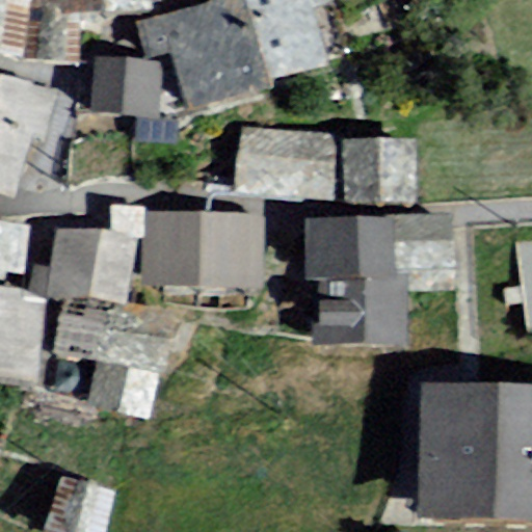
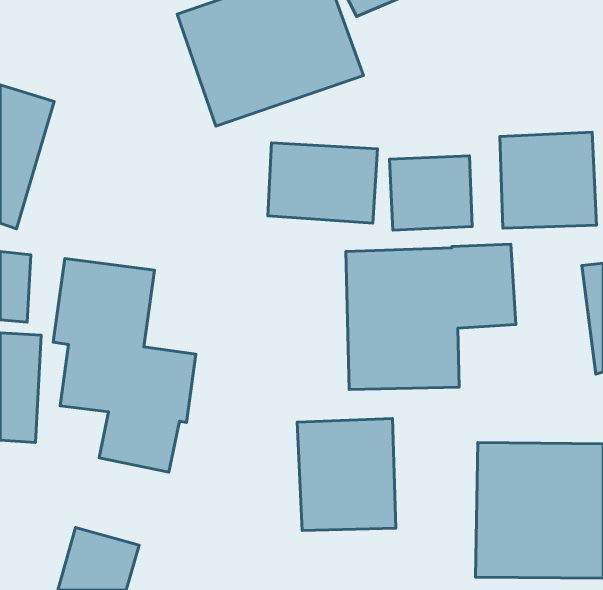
building: [87,59,166,123] -> none
building: none -> [500,132,596,228]
building: [145,208,260,287] -> none
building: none -> [297,418,396,531]

